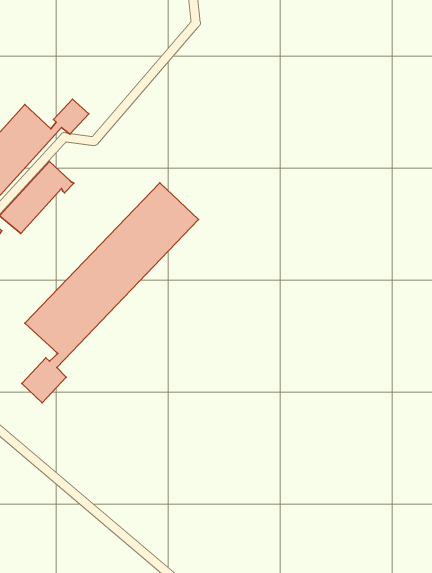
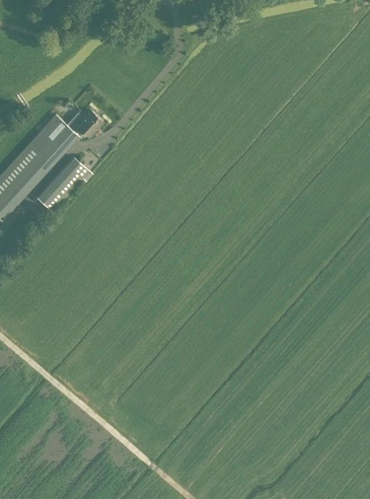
building: [22,183,198,403] -> none

